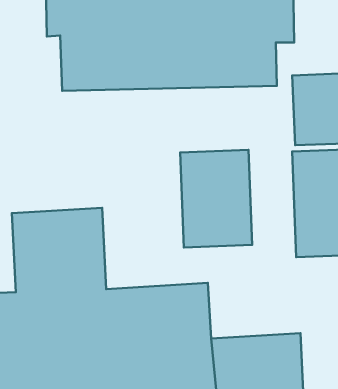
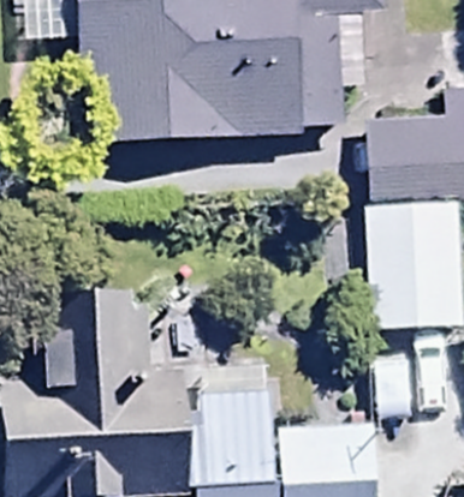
building: [180,150,252,247] -> none

